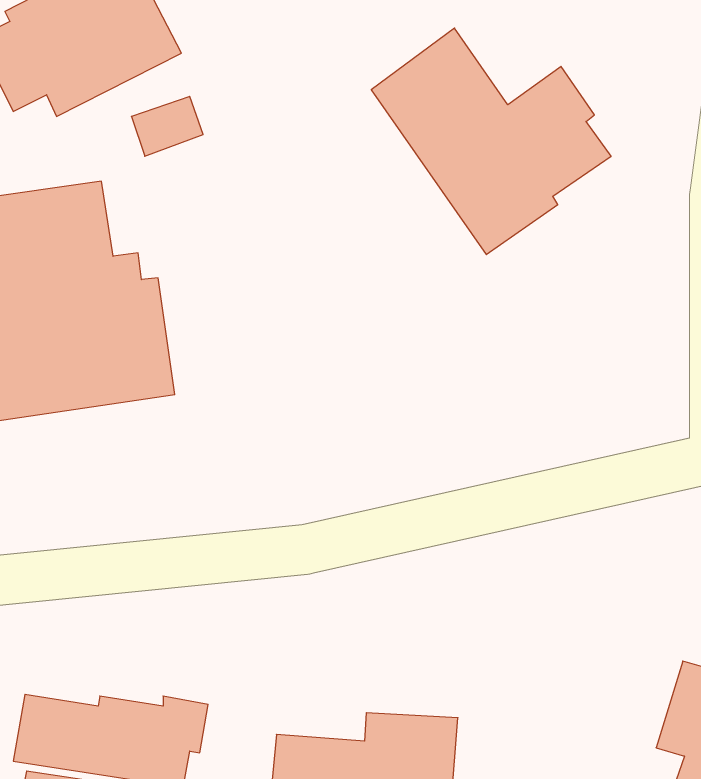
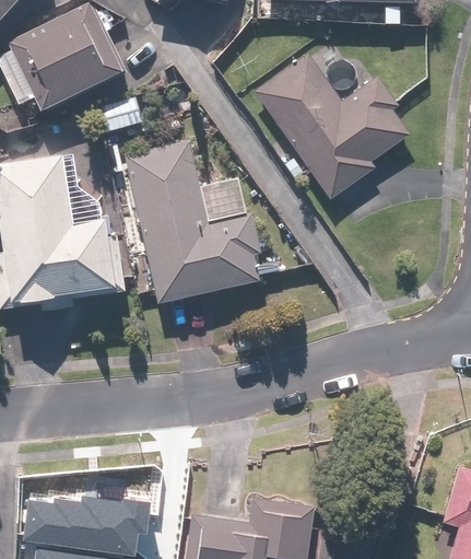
building: none -> [123,142,263,303]

